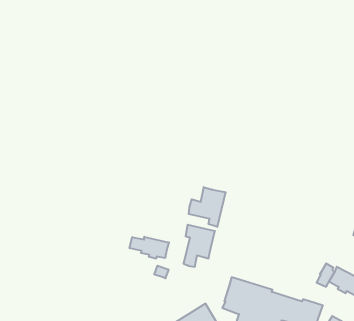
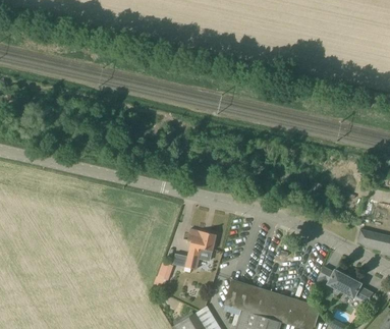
building: [189,187,225,227] -> none
building: [130,237,169,259] -> none

